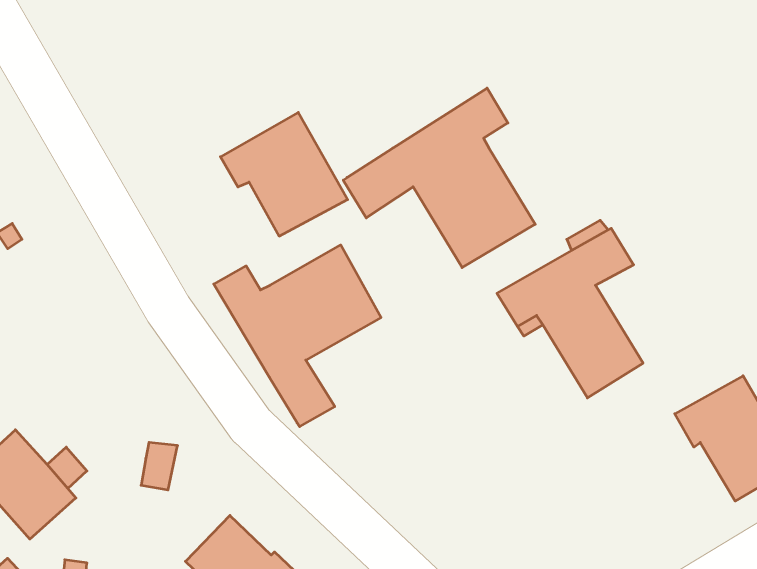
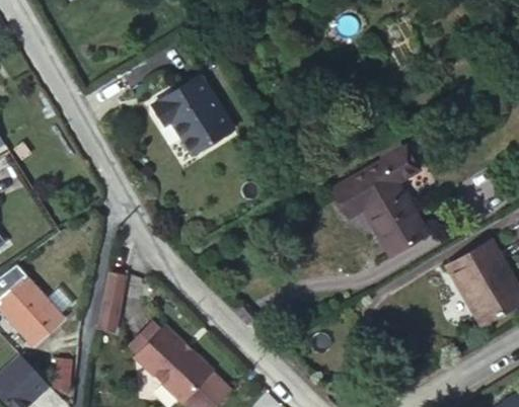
building: [343,88,535,268] -> none
building: [214,245,381,427] -> none

